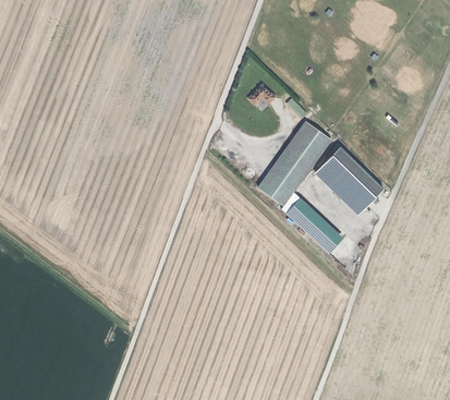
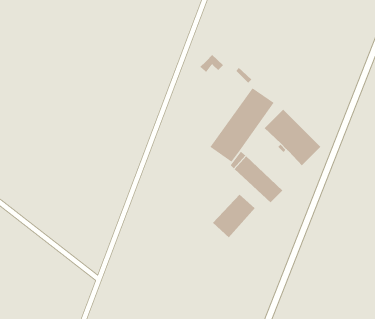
building: none -> [212,194,256,238]

